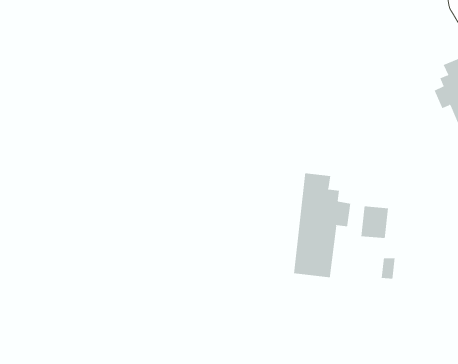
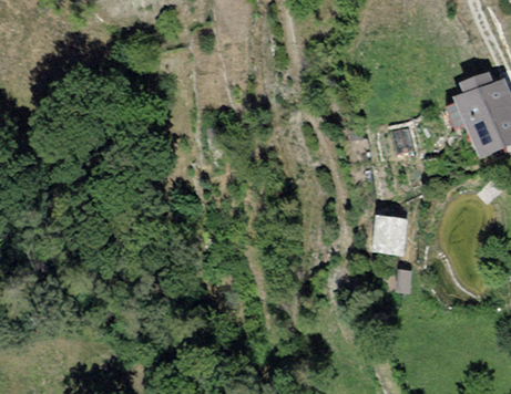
building: [293,173,351,278] -> none

